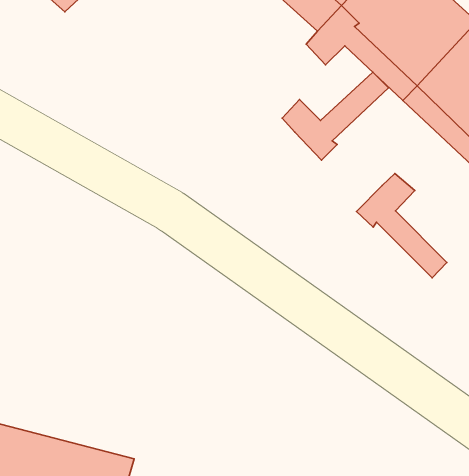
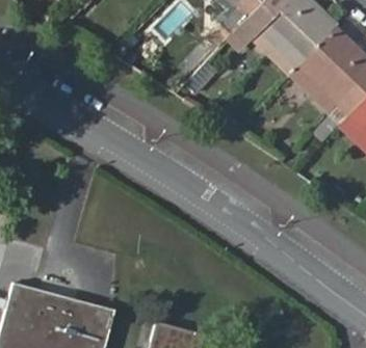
building: [282,72,389,160] -> none
building: [356,173,447,278] -> none

